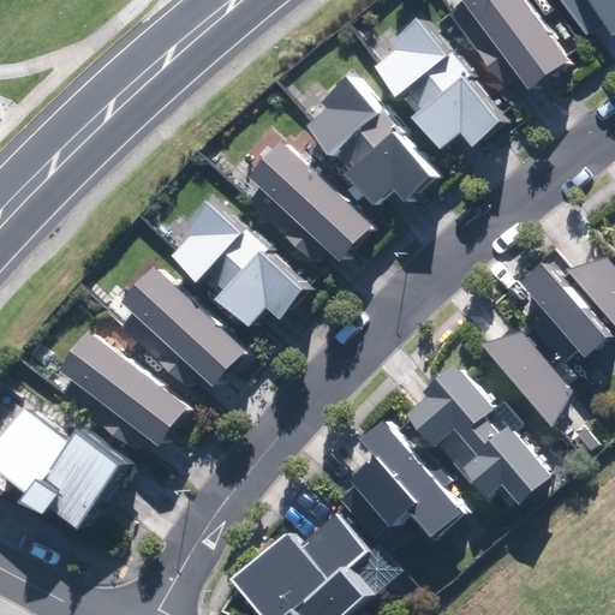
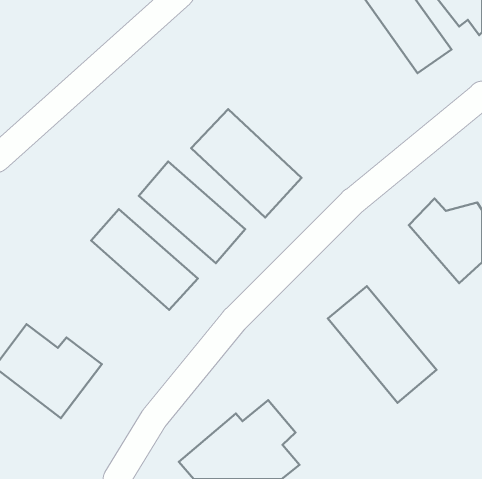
building: [370,23,502,154] -> none
building: [305,73,442,207] -> none
building: [479,326,565,429] -> none
building: [56,335,189,453] -> none
building: [346,420,459,539] -> none

